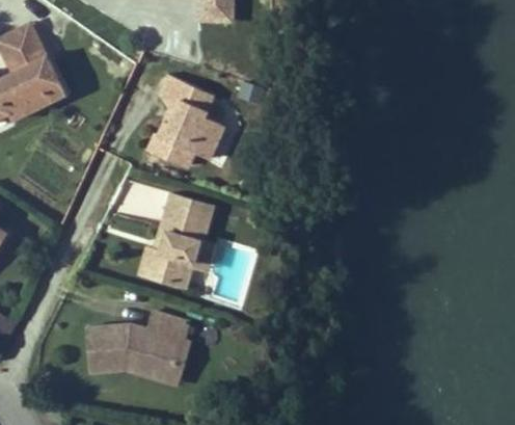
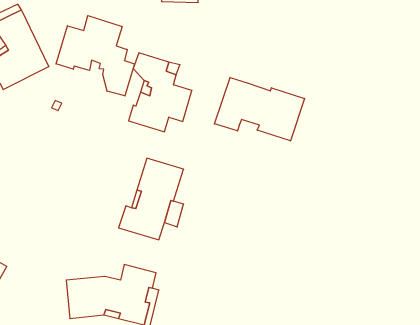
building: none -> [56,16,135,96]
building: none -> [214,77,305,141]

